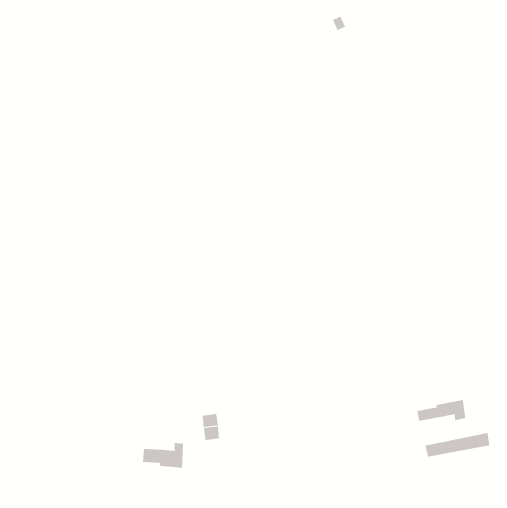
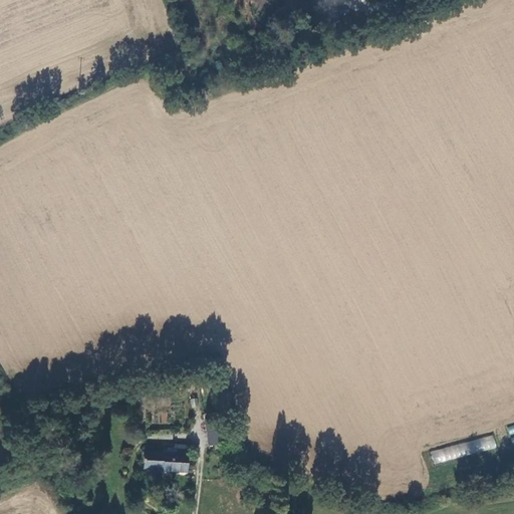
building: [417,399,466,421] -> none

